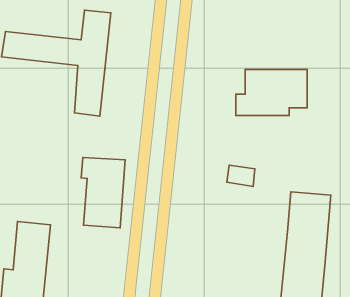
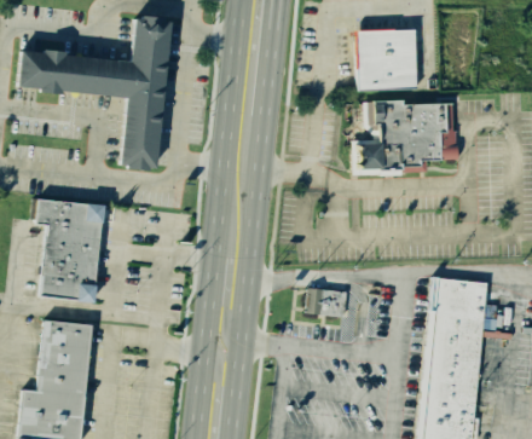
building: none -> [353,24,420,89]
building: [81,157,125,228] -> [40,201,103,301]
building: [227,165,255,187] -> [307,287,347,317]

